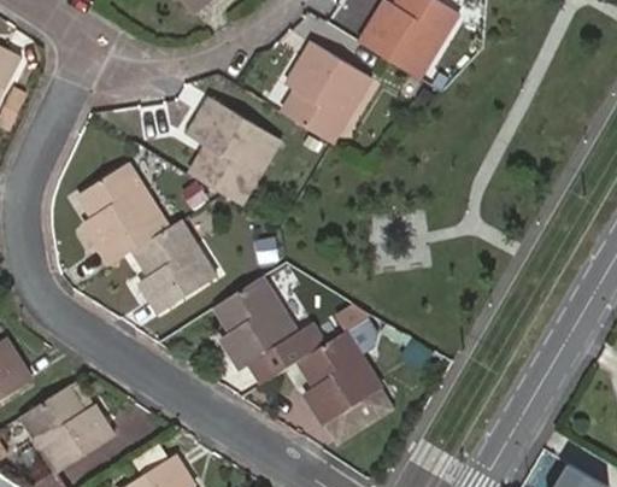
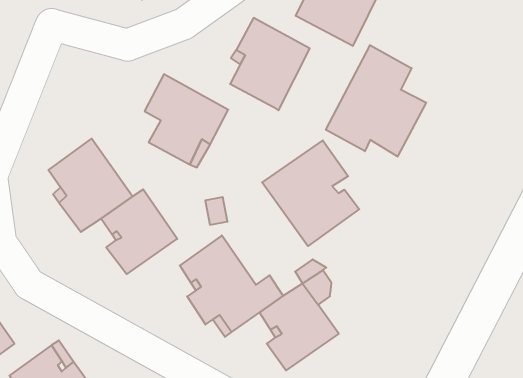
building: none -> [326,45,426,157]
building: none -> [262,140,359,246]

